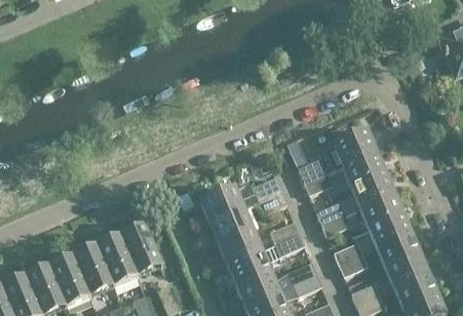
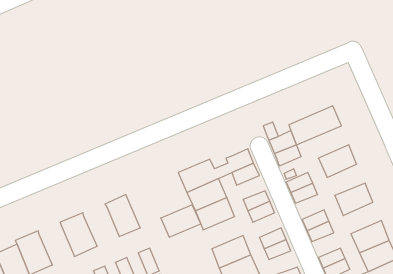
building: [342,152,384,187] -> none
building: [360,193,401,227] -> none
building: [378,234,419,268] -> none
building: [99,239,138,284] -> none
building: [227,249,270,284] -> [161,205,201,237]
building: [50,259,89,305] -> none

